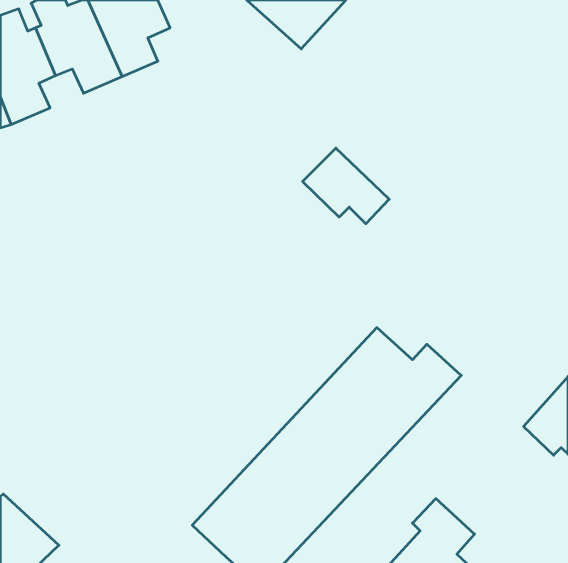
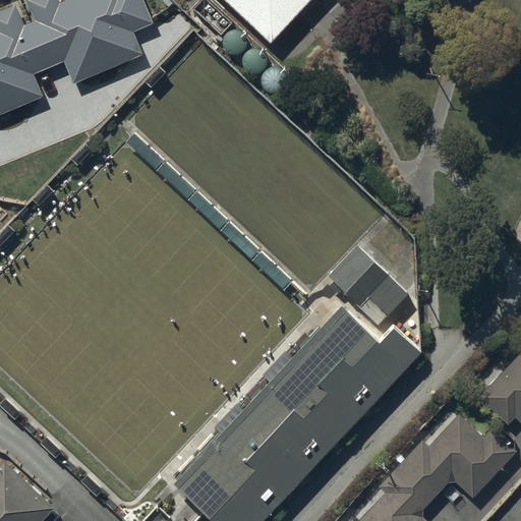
building: [303,148,389,224] -> [327,241,406,310]
building: none -> [399,412,516,495]

